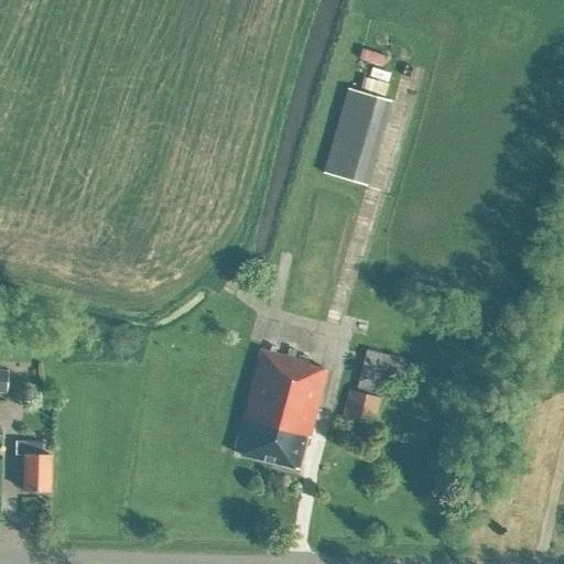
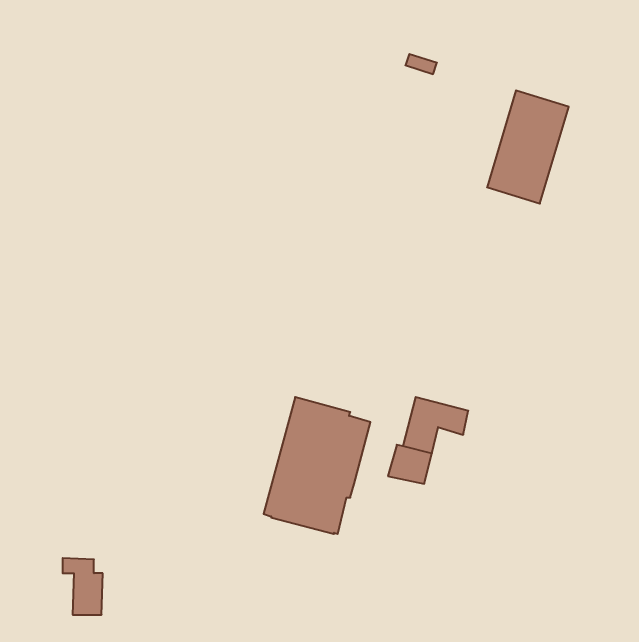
building: [323,87,394,186] -> [487,90,569,204]
building: [15,441,51,490] -> [63,558,103,615]

